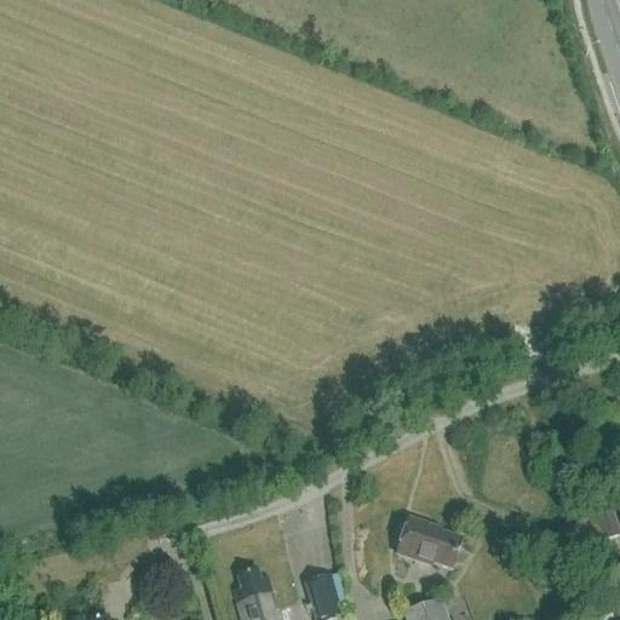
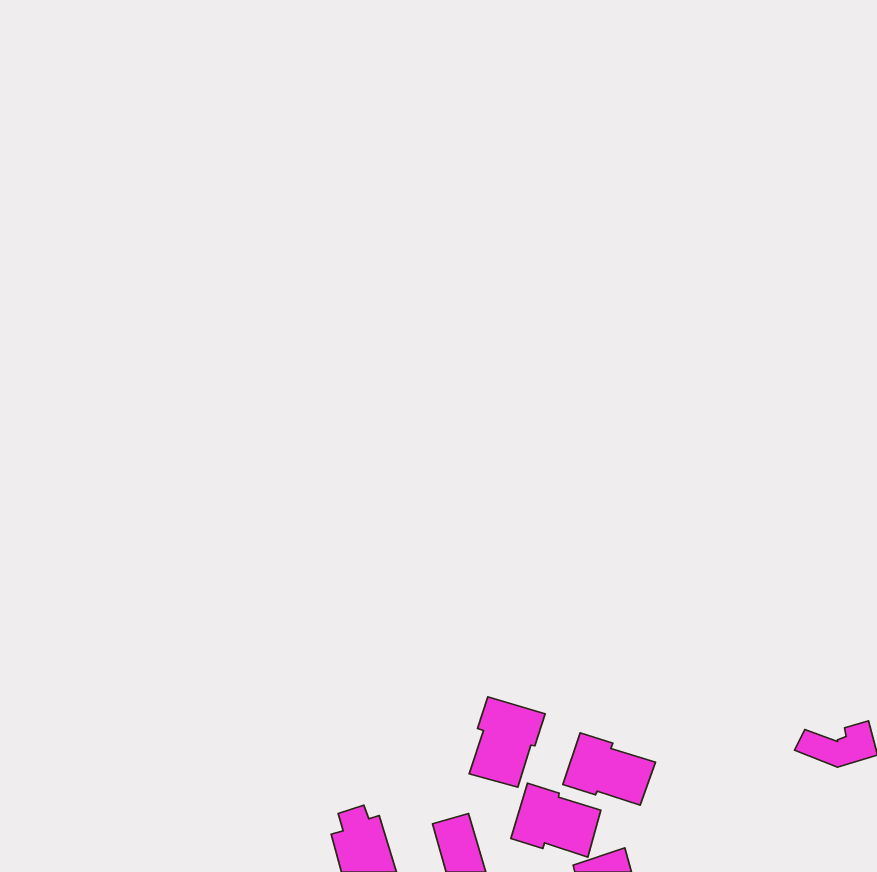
building: none -> [469,697,545,787]
building: none -> [511,783,601,857]

